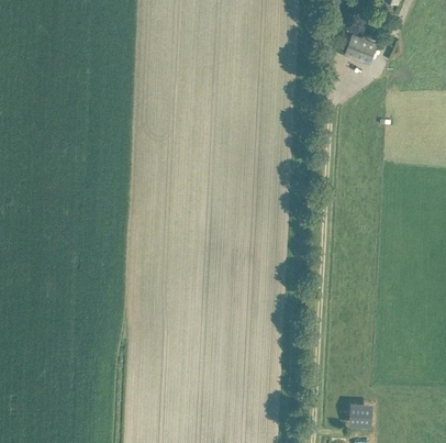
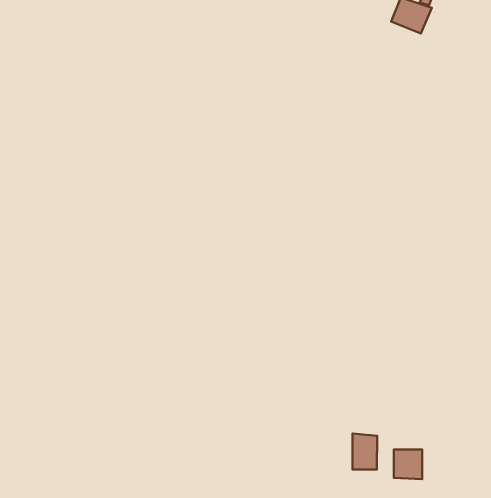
building: none -> [352,434,377,470]

